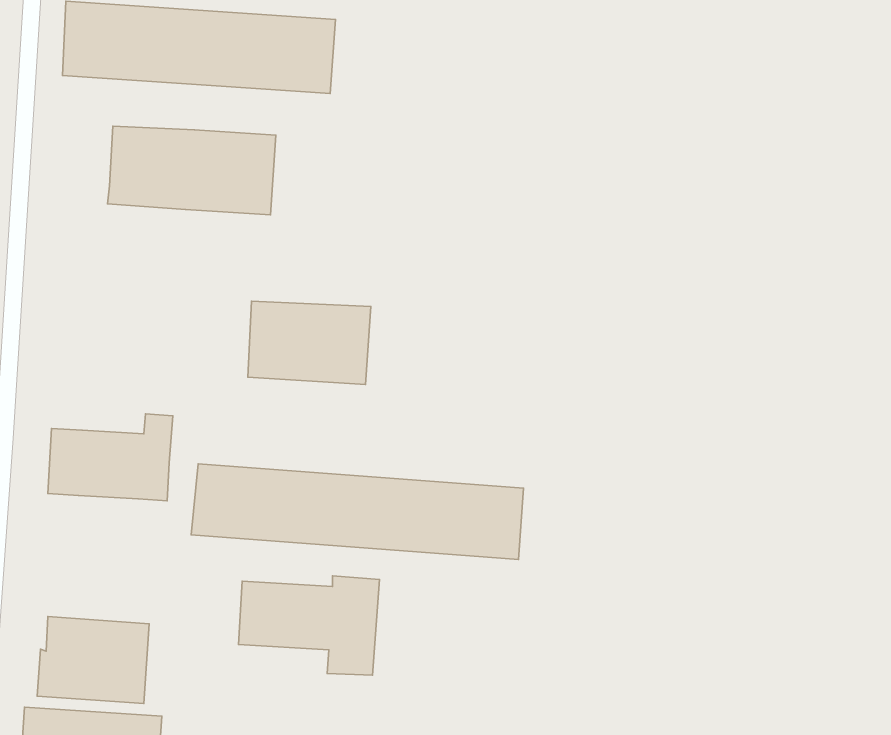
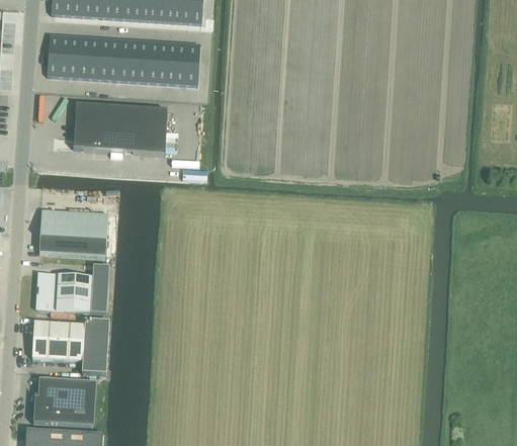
building: [248,301,371,384] -> [39,209,108,256]
building: [191,464,523,559] -> none
building: [239,576,380,675] -> [32,319,111,374]

